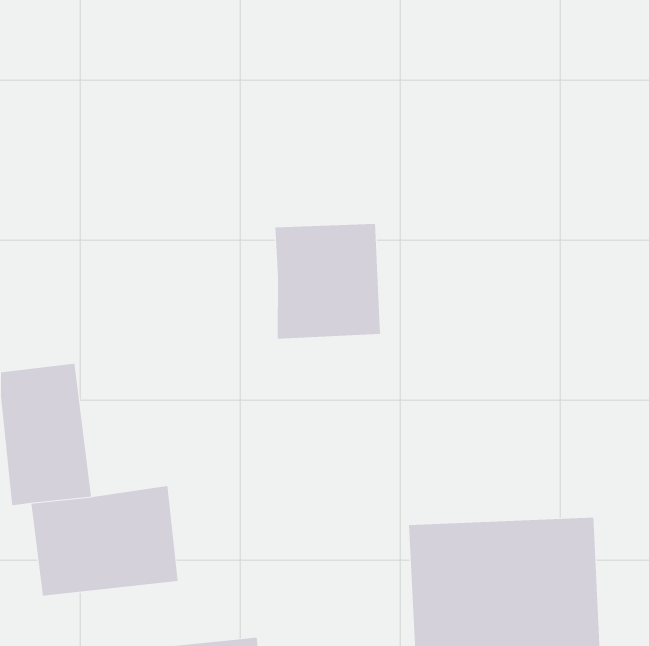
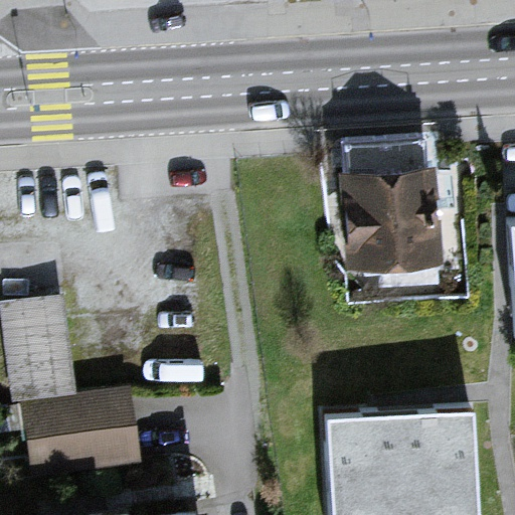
building: none -> [343,166,438,265]
building: [275,223,380,339] -> none

